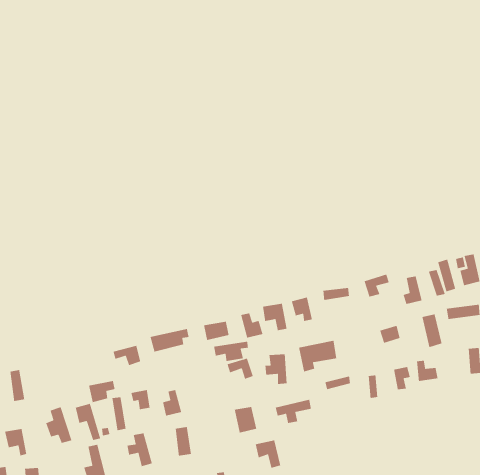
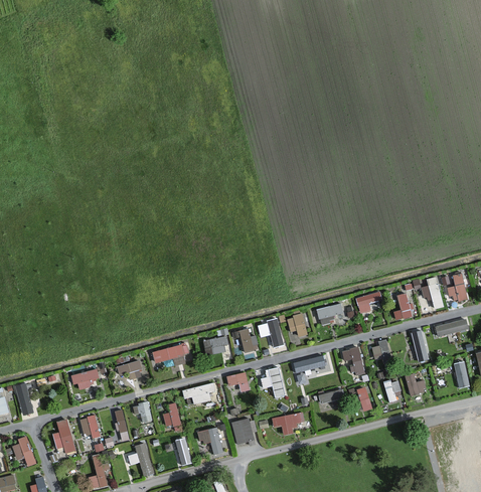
building: none -> [340,347,364,376]
building: [213,341,249,362] -> [181,384,215,404]
building: [88,380,115,403] -> [72,369,99,391]
building: [255,439,281,469] -> [198,428,223,456]

